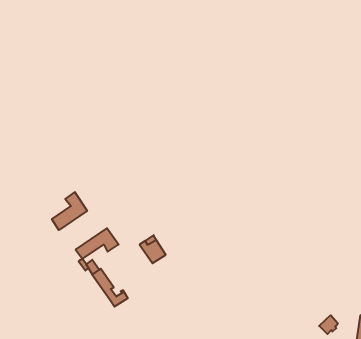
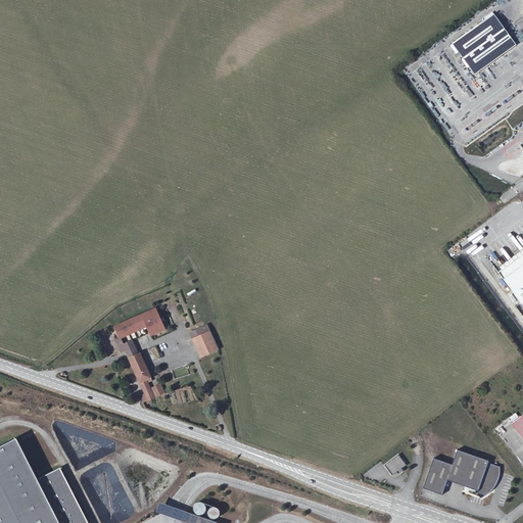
building: [52,192,87,230] -> none

